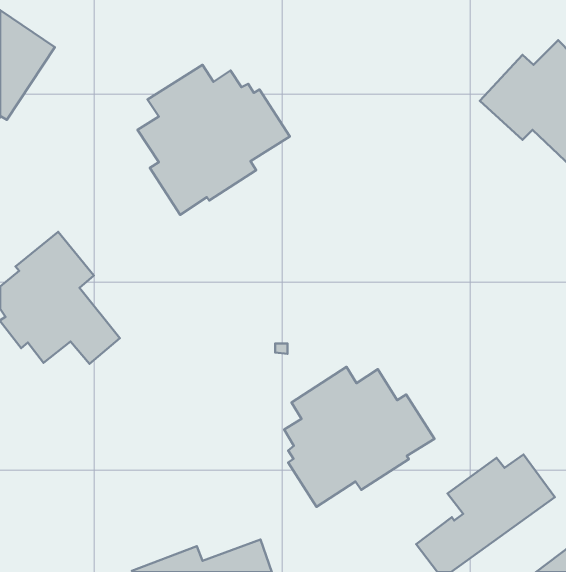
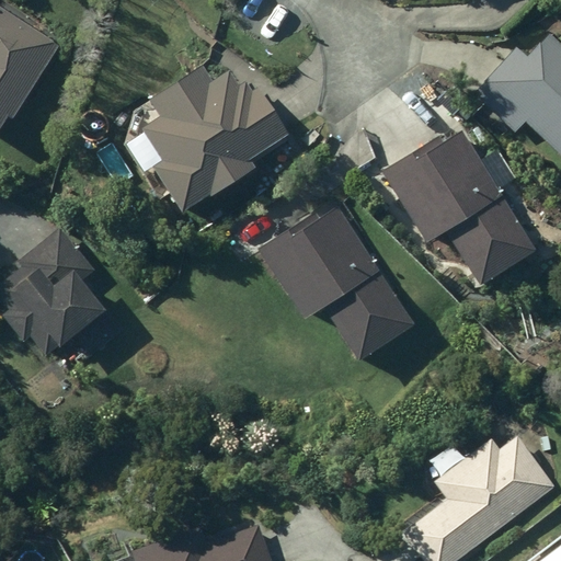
building: none -> [379,122,535,286]
building: none -> [255,210,414,360]
building: [284,367,434,507] -> none

